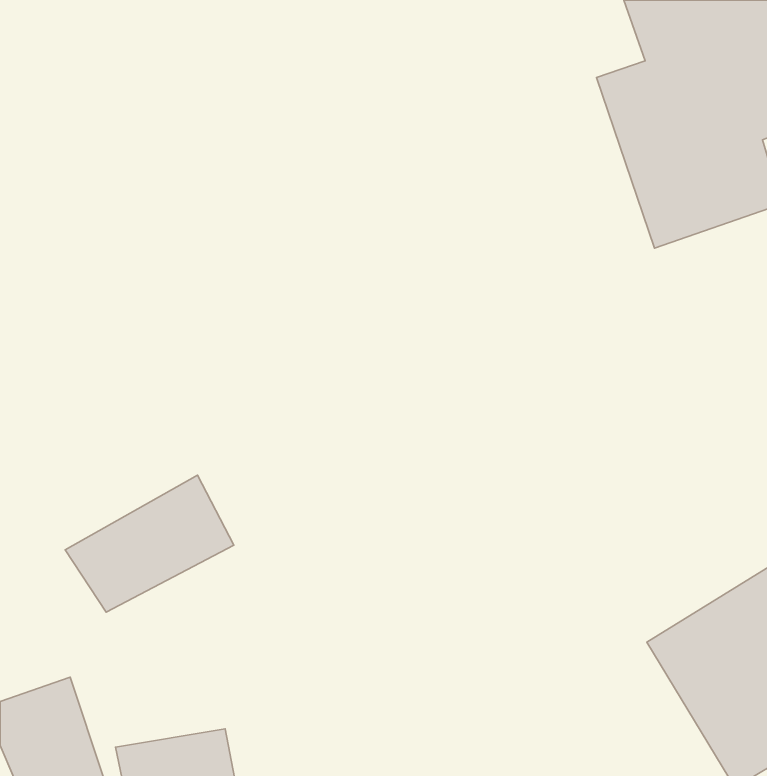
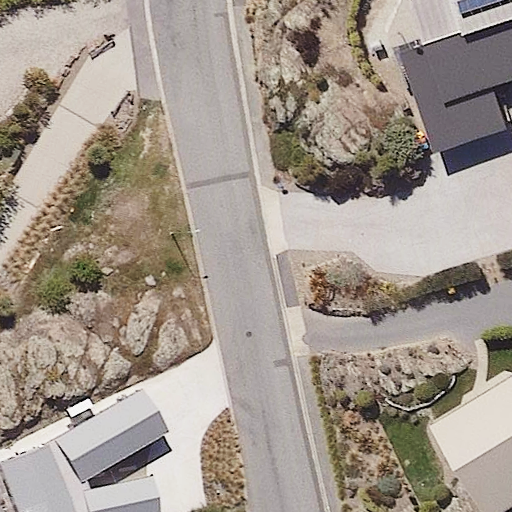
building: [65,475,234,612] -> [57,392,168,482]

